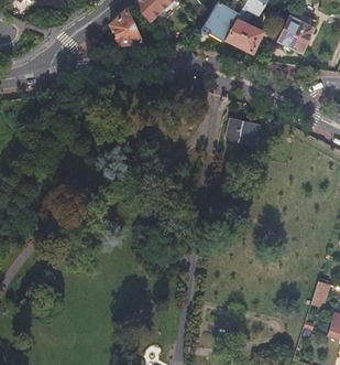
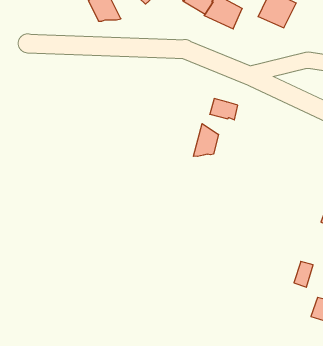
building: none -> [193,124,219,156]

